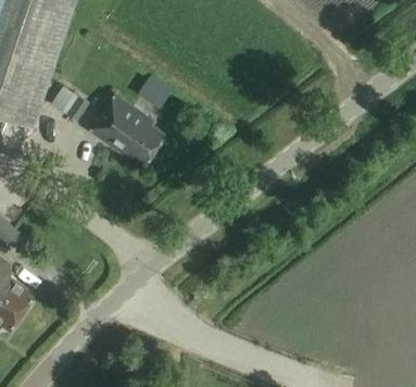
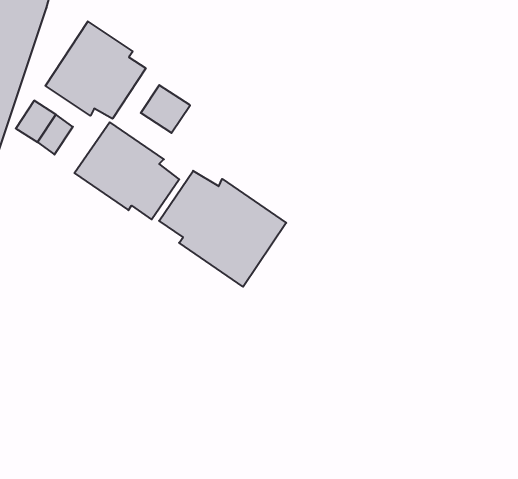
building: none -> [45,21,146,119]
building: none -> [159,171,286,287]

